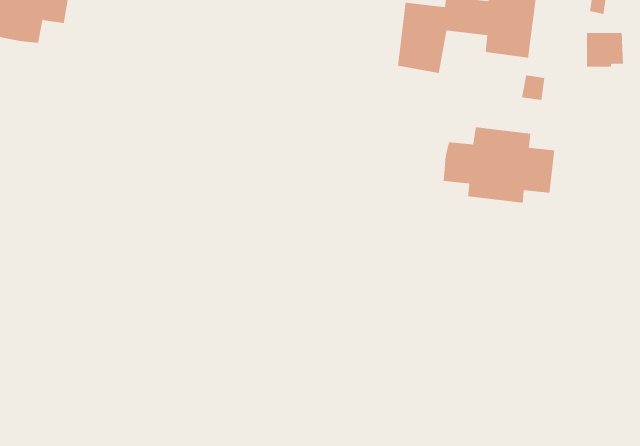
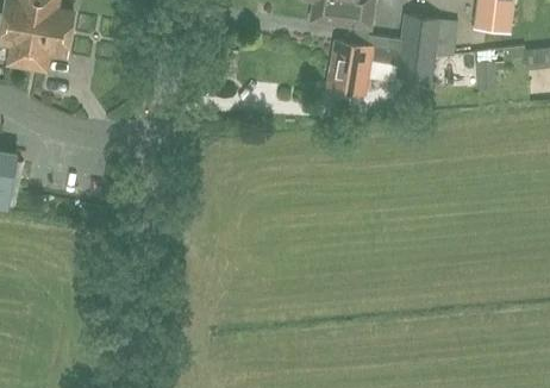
building: [443,127,555,204] -> none

